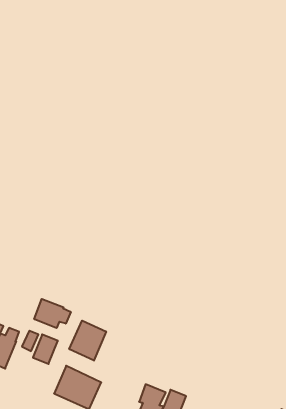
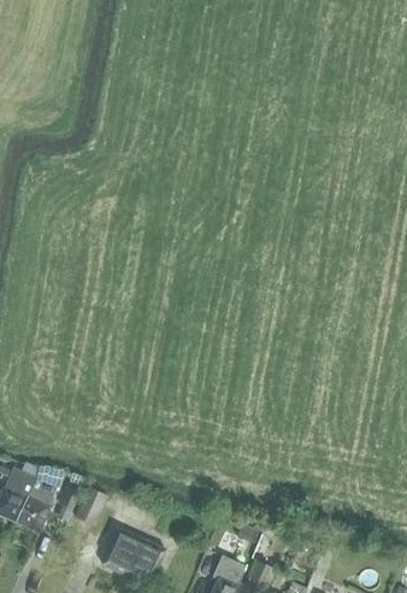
building: [34,299,71,328] -> none
building: [69,321,106,361] -> none

